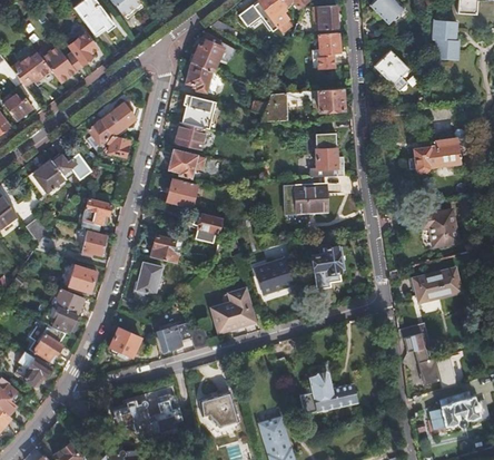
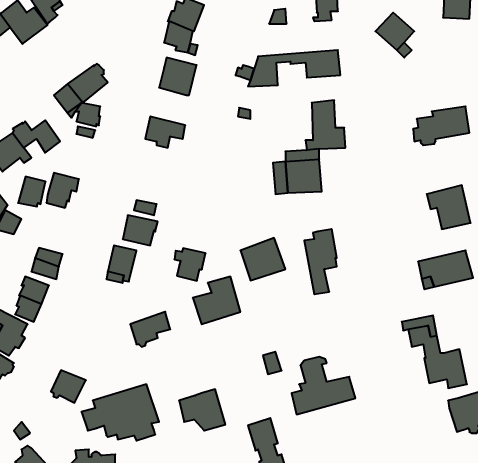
building: [177,121,207,147] -> none
building: [168,178,198,208] -> none
building: [195,214,223,243] -> [174,248,206,281]
building: [82,229,107,256] -> [18,177,46,207]
building: [110,327,141,356] -> [51,370,86,403]

